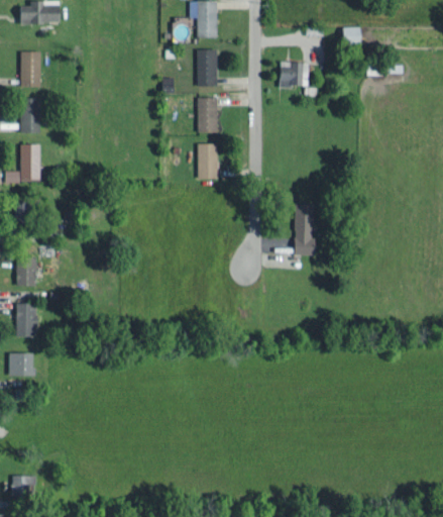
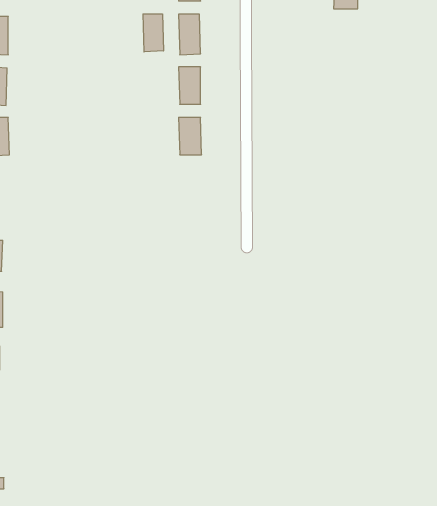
building: none -> [143,14,163,52]
building: [279,62,309,87] -> none
building: [295,214,316,255] -> none

